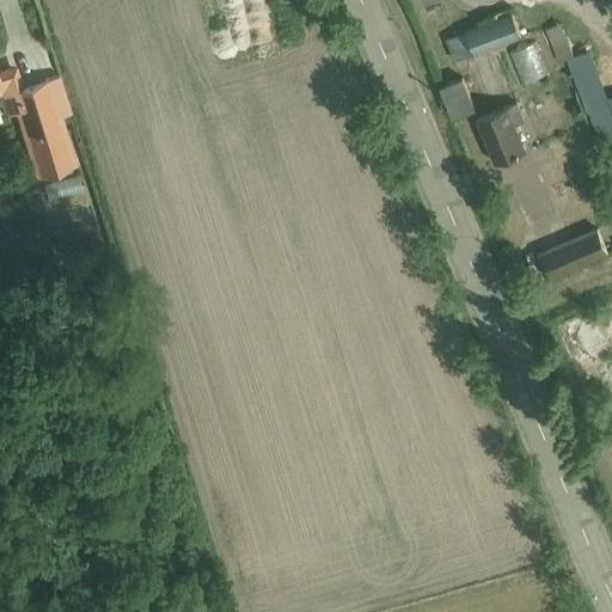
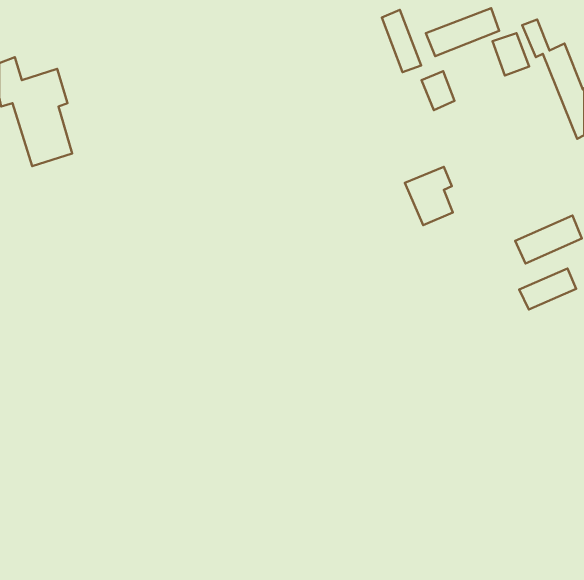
building: none -> [382,10,421,72]
building: [476,104,526,165] -> [405,167,453,225]
building: none -> [519,268,576,309]

